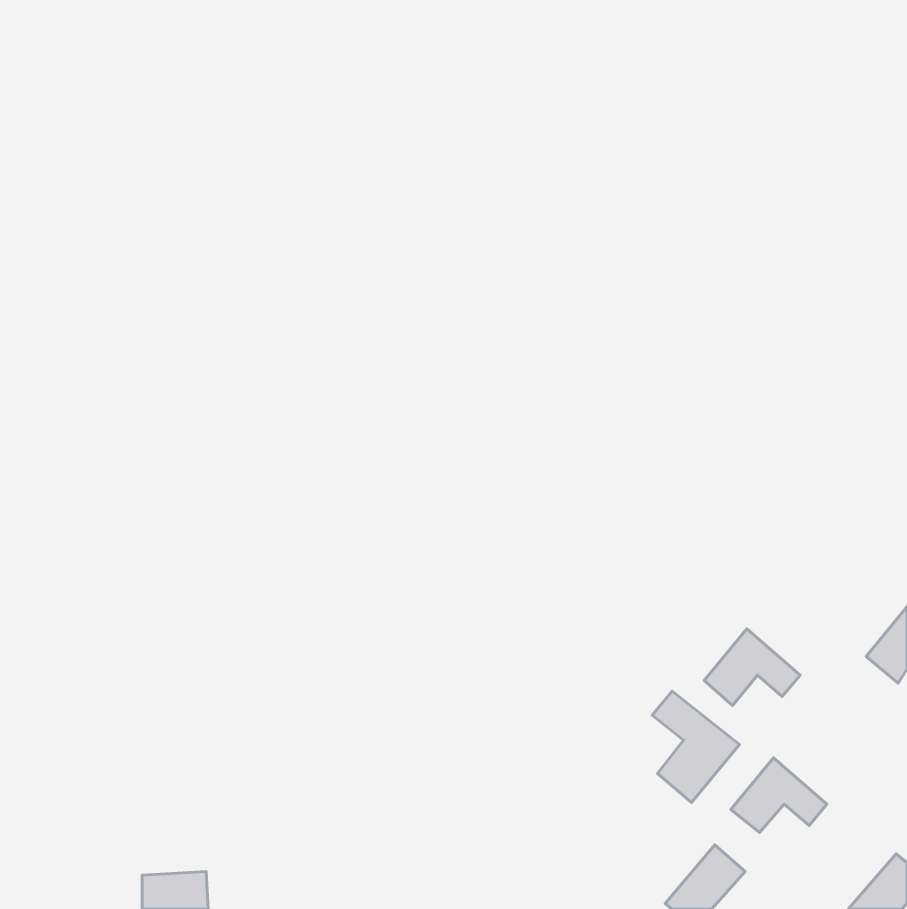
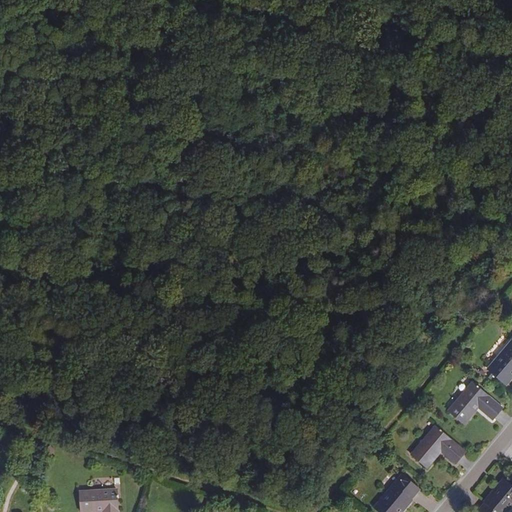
building: [704,629,800,705] -> [448,382,502,425]
building: [652,691,739,802] -> none

